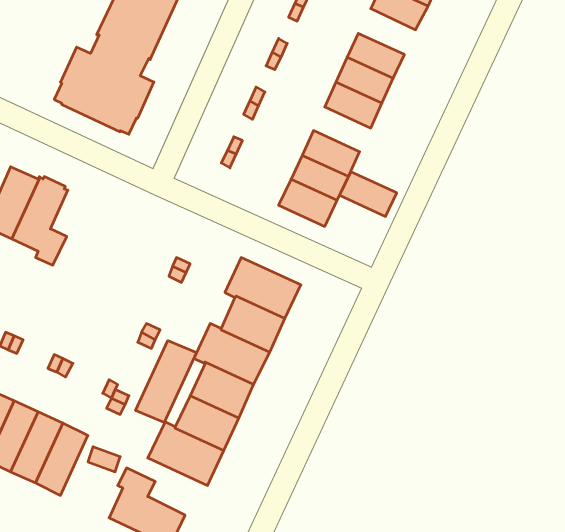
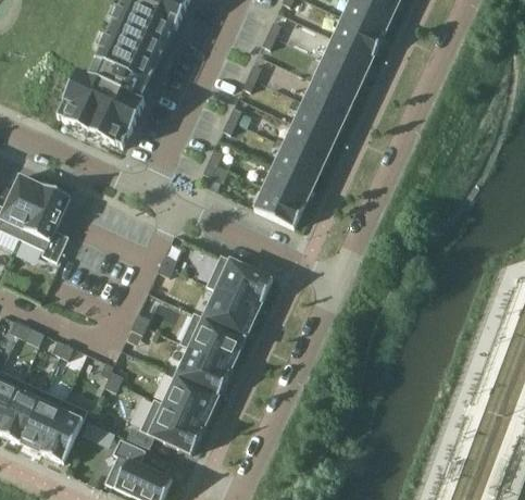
building: none -> [323,37,373,77]
building: [339,172,397,216] -> [284,123,334,162]
building: [136,341,197,423] -> none

